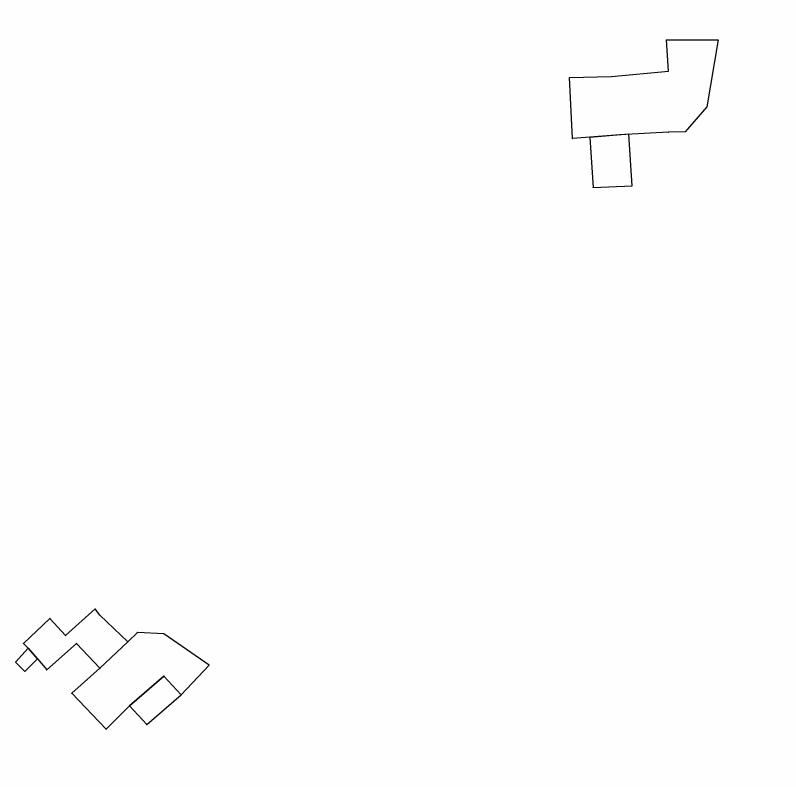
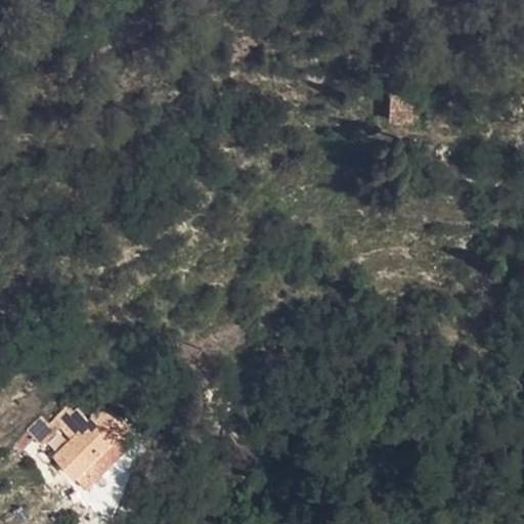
building: [570,40,718,139] -> none

